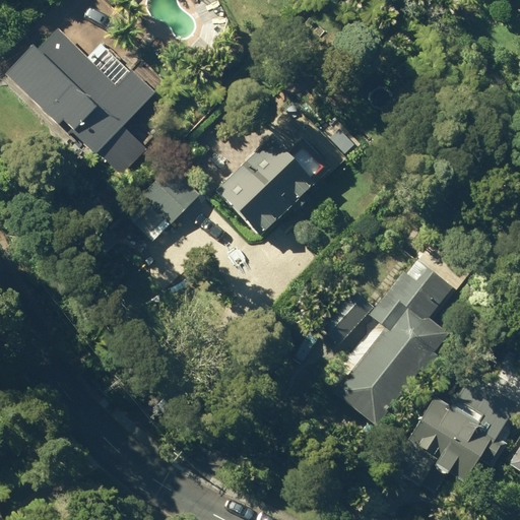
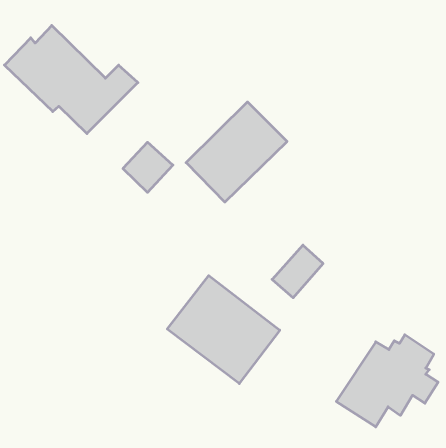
building: [335,260,453,425] -> none
building: none -> [167,276,280,384]

